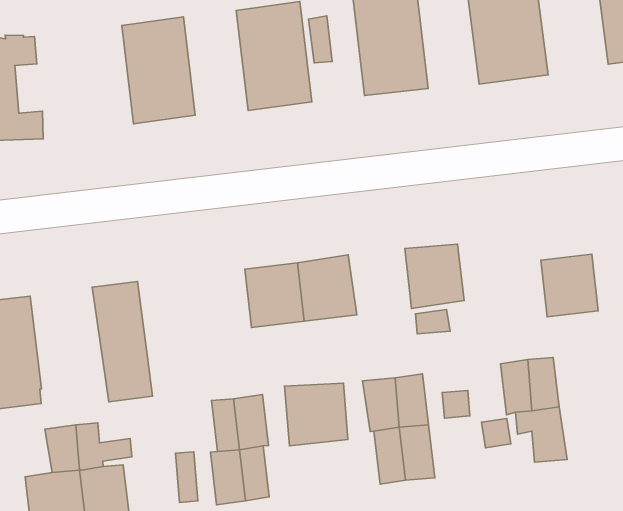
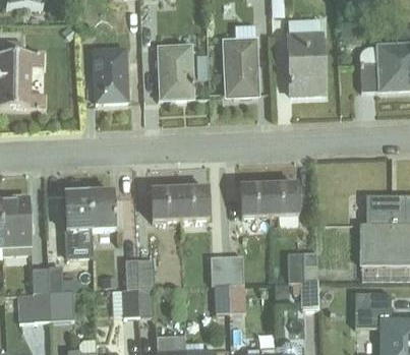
building: [541,254,598,317] -> [269,183,298,216]
building: none -> [90,189,116,231]
building: [285,383,348,446] -> none

